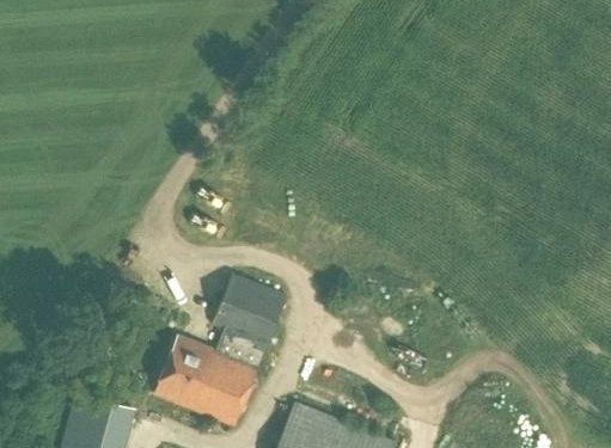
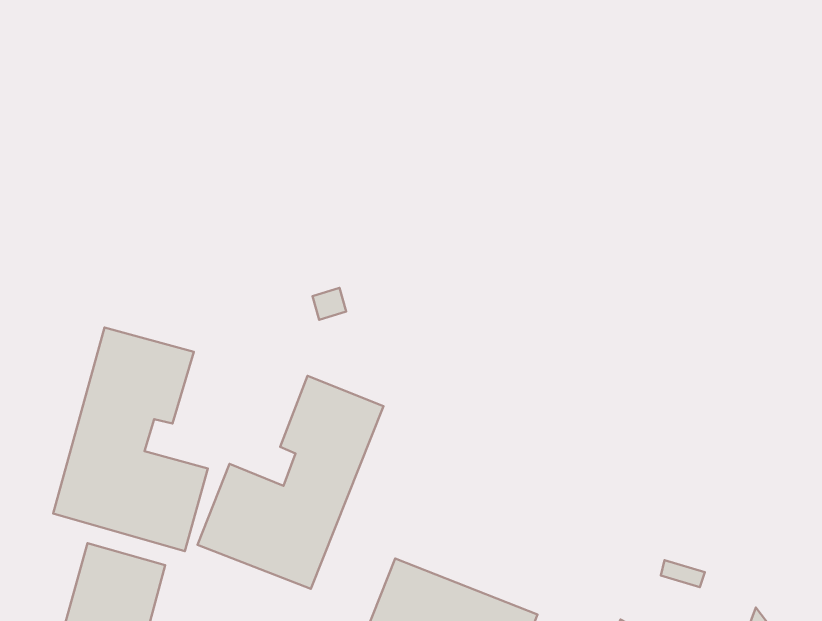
building: none -> [53,327,208,551]

